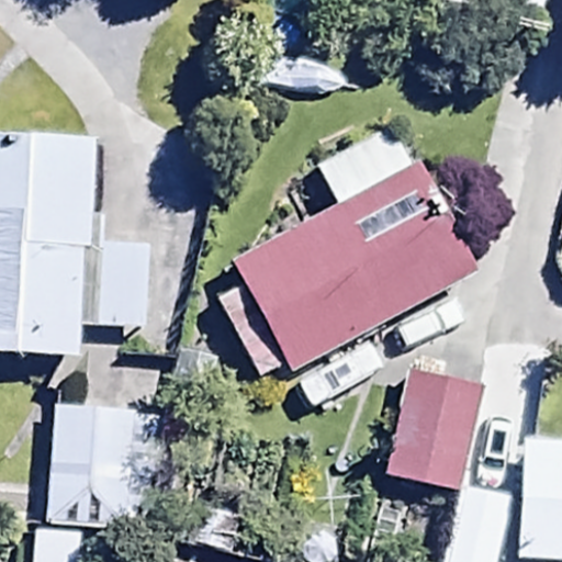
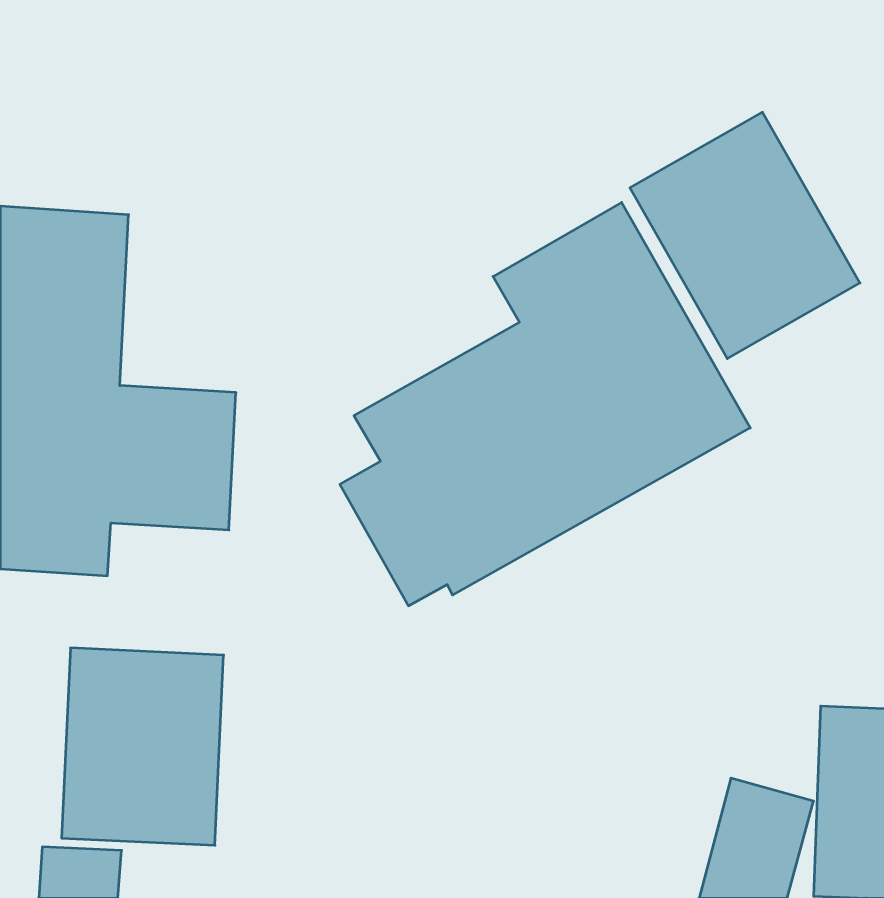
building: none -> [630,112,860,359]
building: [386,368,484,493] -> none

